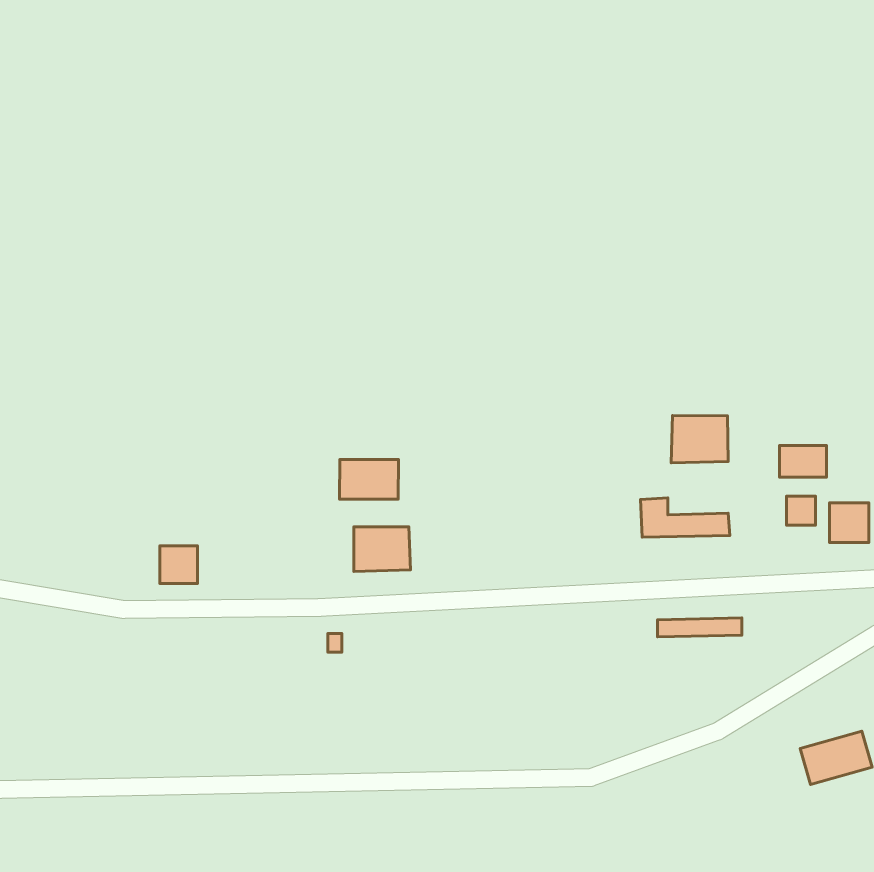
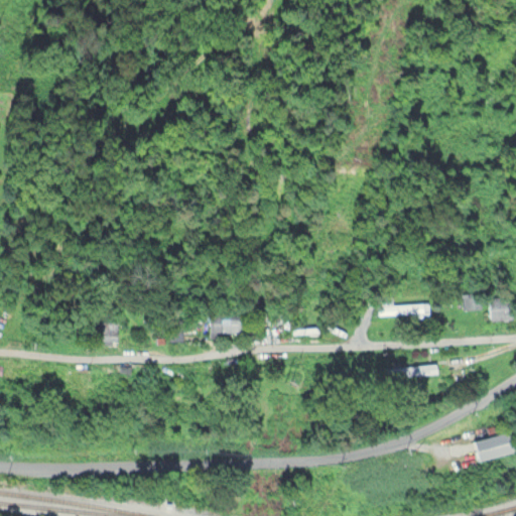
building: [671,415,728,463] -> none
building: [779,445,827,477] -> none
building: [340,460,399,499] -> none

